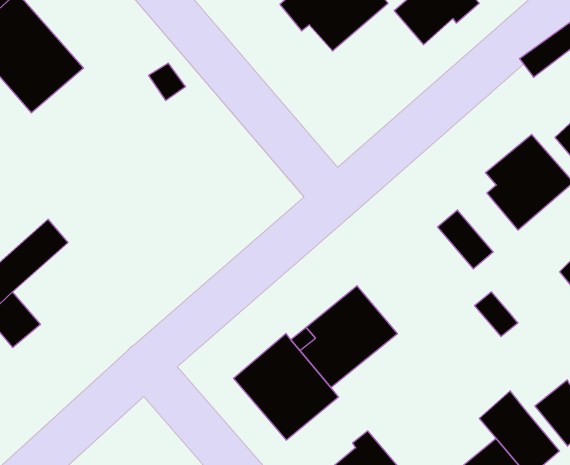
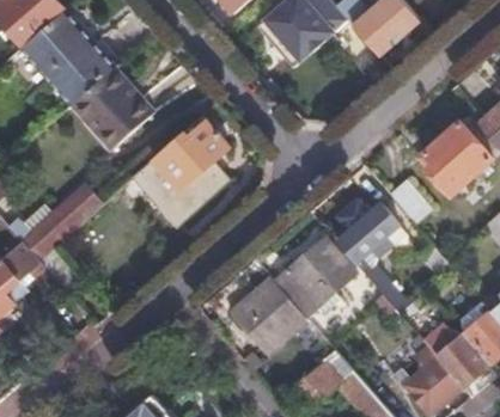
building: none -> [72,69,152,151]
building: none -> [132,116,225,223]
building: none -> [335,201,403,312]

